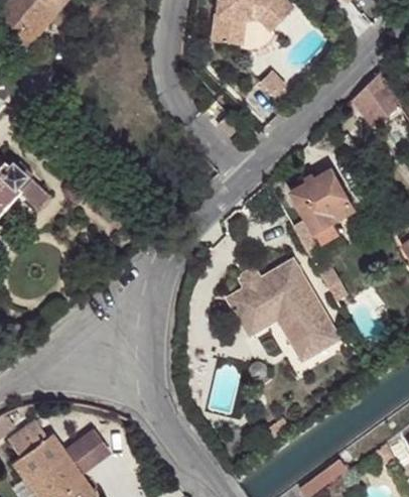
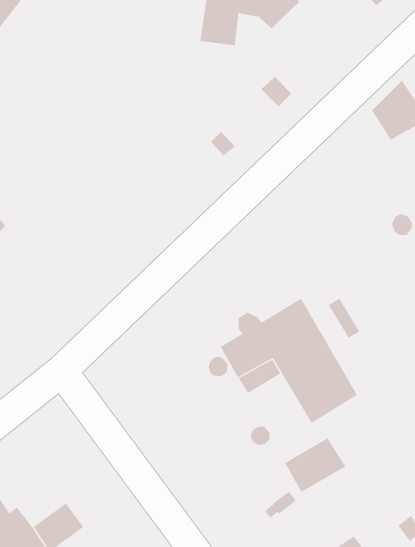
building: [293,171,355,245] -> none
building: none -> [284,437,346,493]

